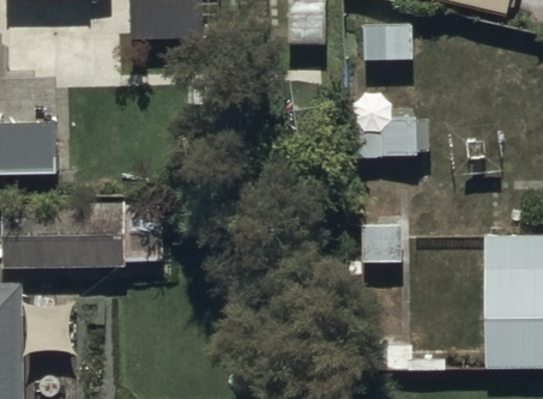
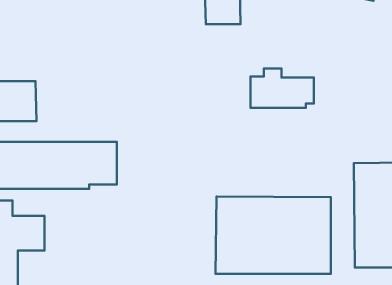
building: none -> [215,196,331,274]

